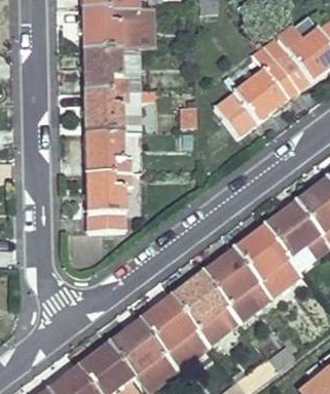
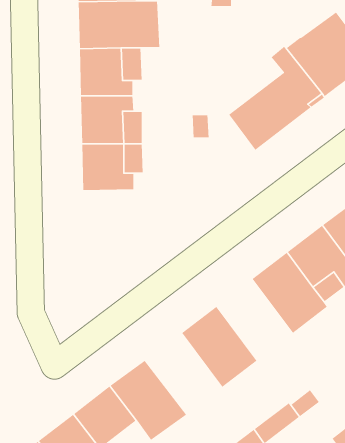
building: [86,171,133,232] -> none
building: [204,249,270,321] -> none
building: [141,297,209,368] -> none

